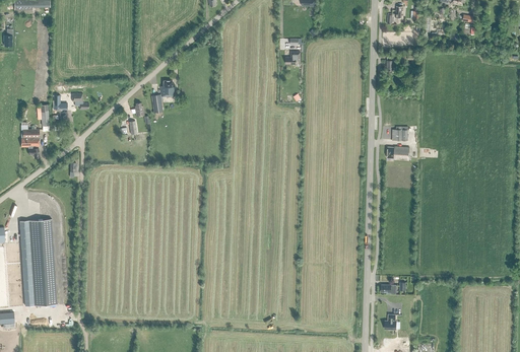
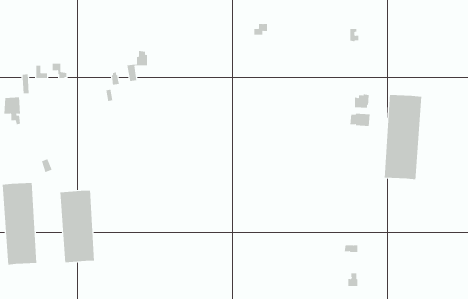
building: none -> [384,94,422,180]
building: none -> [60,190,94,263]

